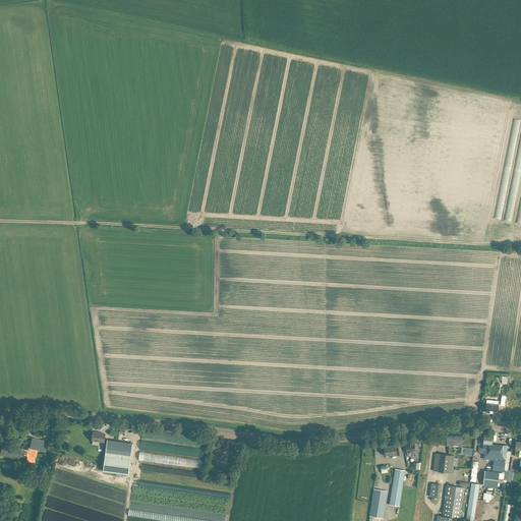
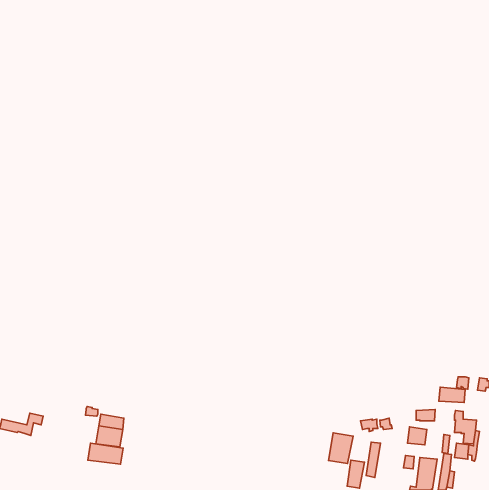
building: none -> [439,387,465,403]
building: none -> [329,433,353,463]
building: none -> [88,443,123,464]

